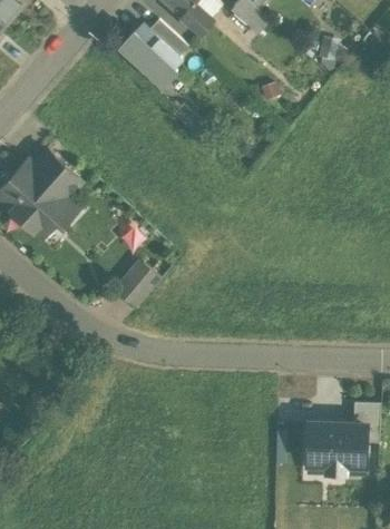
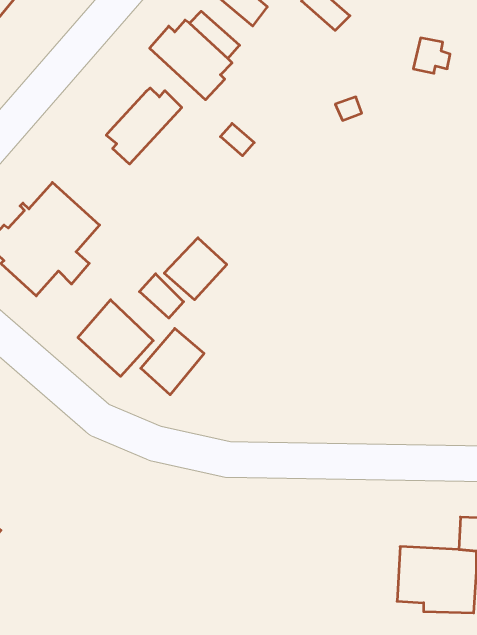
building: none -> [106,88,182,164]
building: none -> [164,238,227,300]
building: none -> [78,300,153,376]

